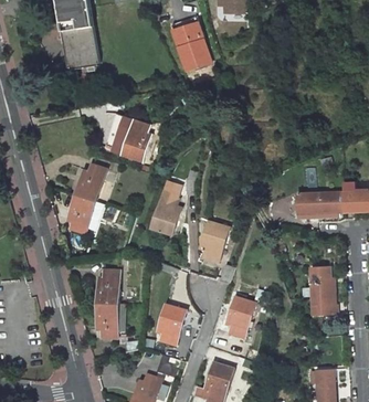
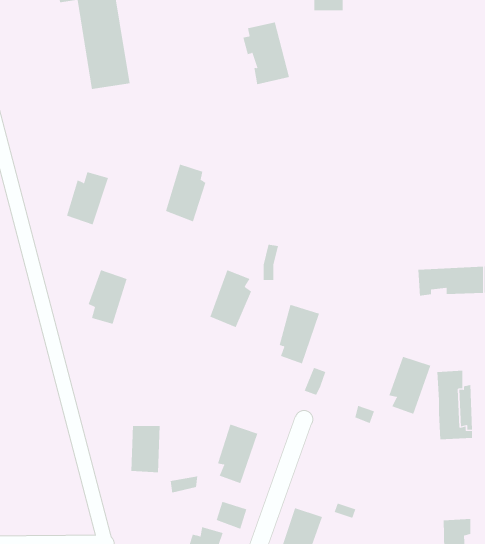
building: [74,165,104,202] -> [66,172,109,225]
building: [96,271,118,305] -> none
building: [222,297,252,338] -> [388,356,431,415]

